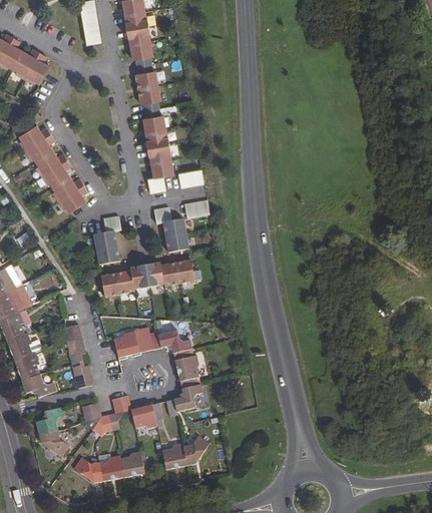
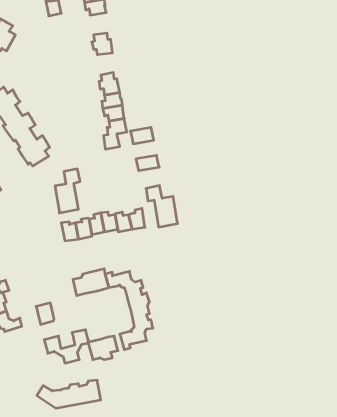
building: [130,41,152,66] -> none
building: [138,86,160,111] -> none
building: [153,206,188,252] -> [146,186,178,227]
building: [62,325,85,357] -> none
building: [36,407,68,456] -> none
building: [161,434,209,469] -> none

